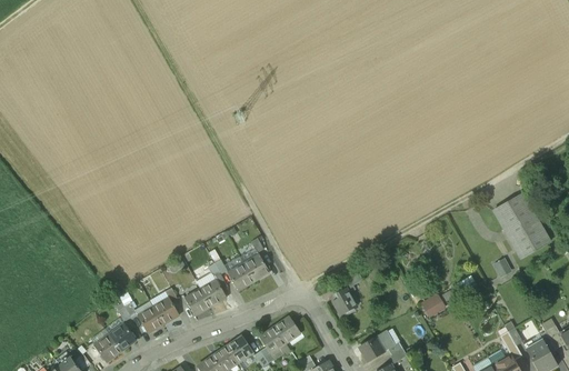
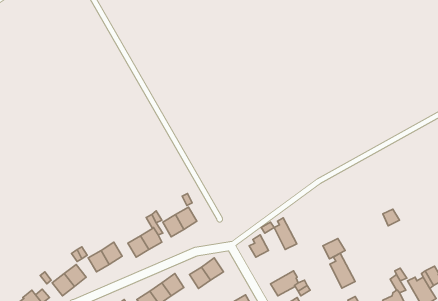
building: [493,192,550,257] -> none
building: none -> [274,218,297,250]
building: none -> [330,253,355,288]

